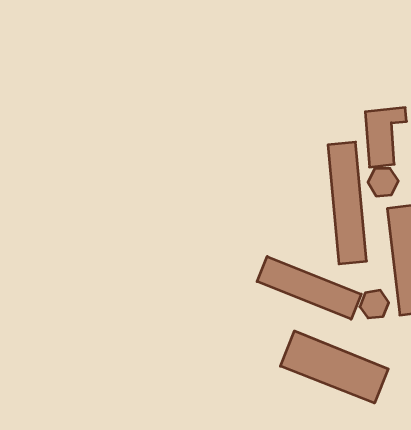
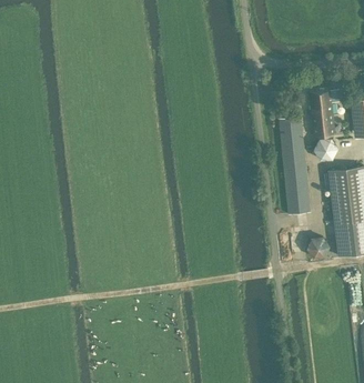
building: [257,256,361,319] -> none
building: [280,331,388,403] -> none

